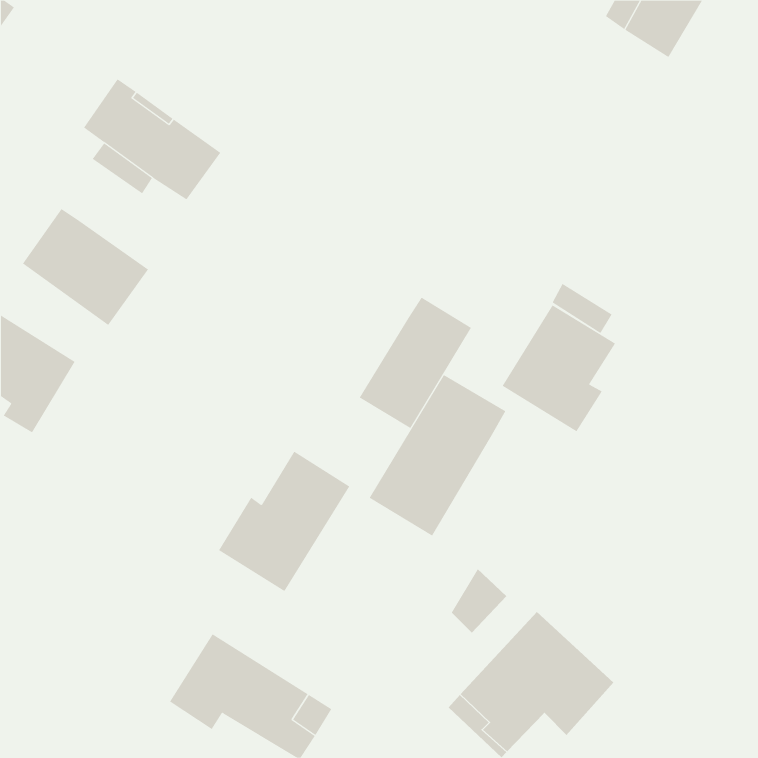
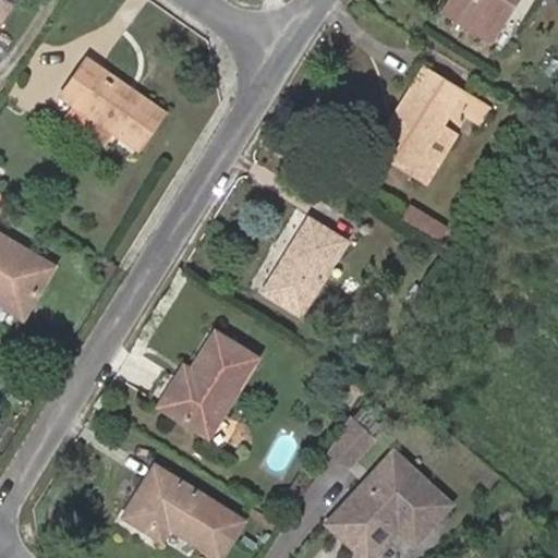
building: none -> [375,69,489,182]
building: [22,208,149,326] -> none
building: [502,304,616,432] -> none
building: [369,374,506,537] -> none

